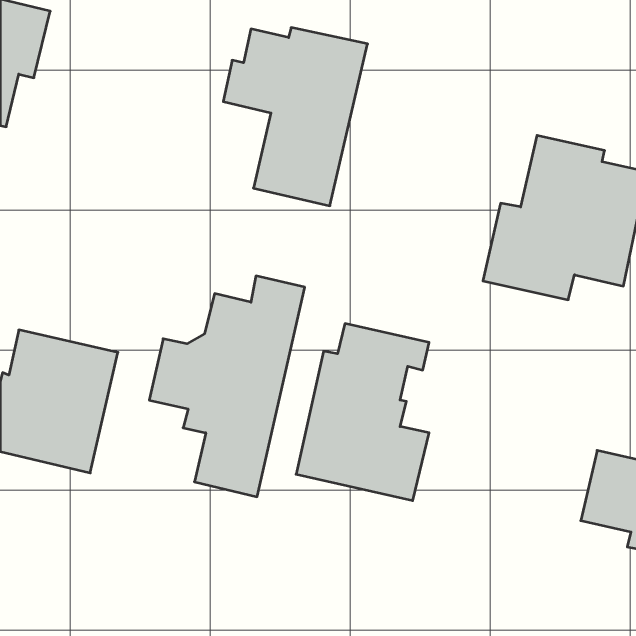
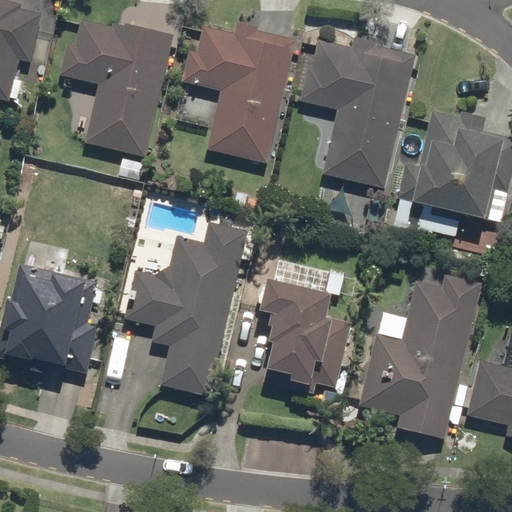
building: none -> [59,13,175,158]
building: none -> [298,36,416,188]
building: none -> [359,274,479,440]

